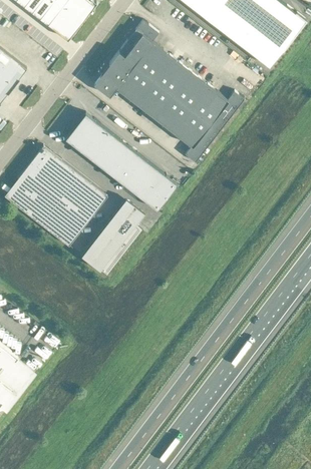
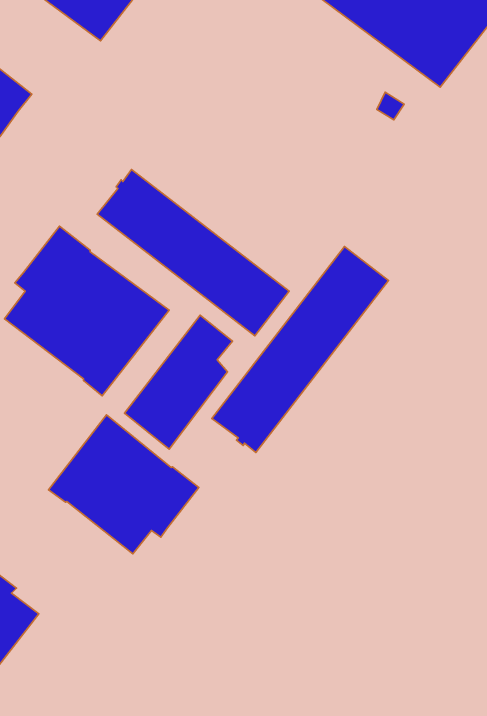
building: [92,21,244,162] -> none
building: none -> [212,246,389,452]
building: none -> [49,415,199,554]

